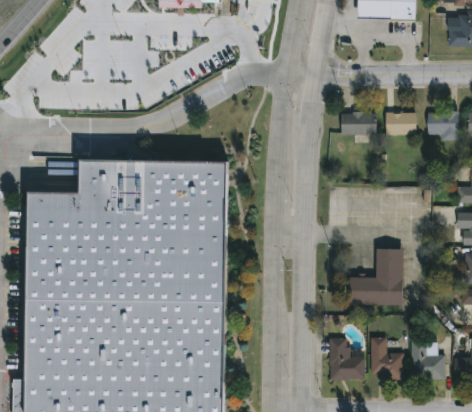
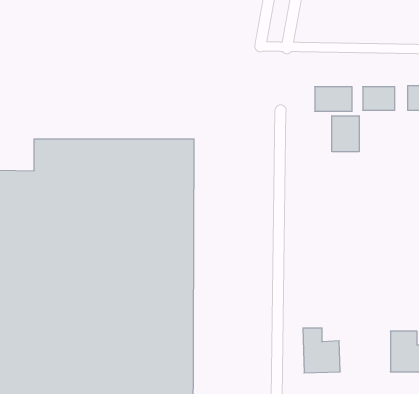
building: none -> [332,116,359,152]
building: [349,248,403,304] -> none
building: [370,338,403,380] -> none

